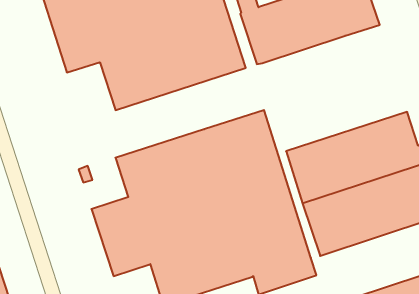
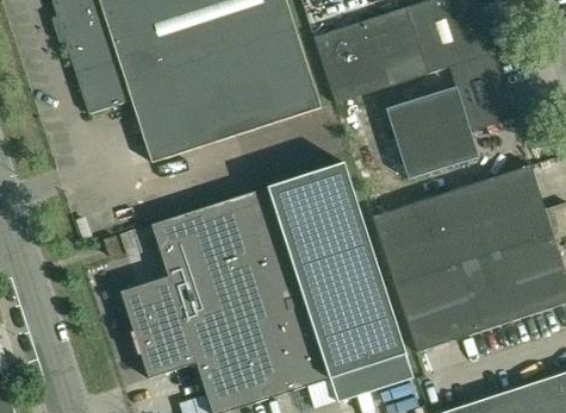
building: none -> [386,51,515,177]

